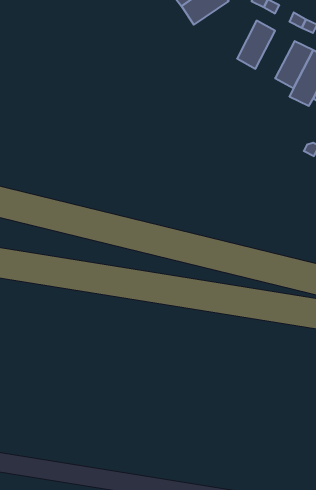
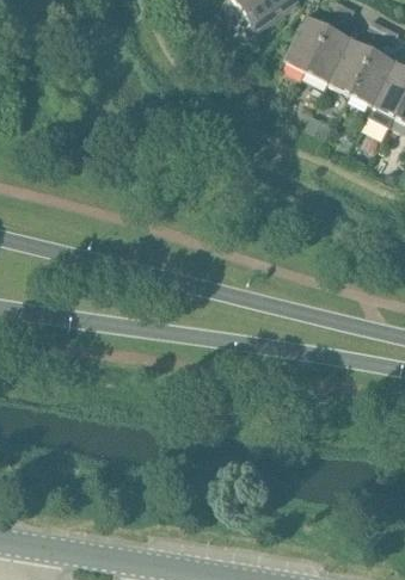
building: none -> [284,14,331,70]
building: none -> [330,38,375,93]

